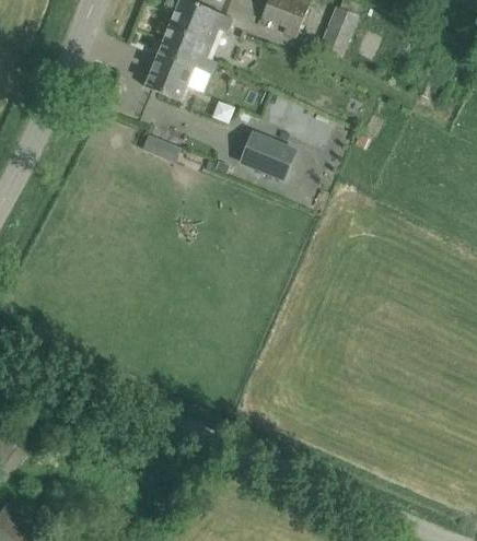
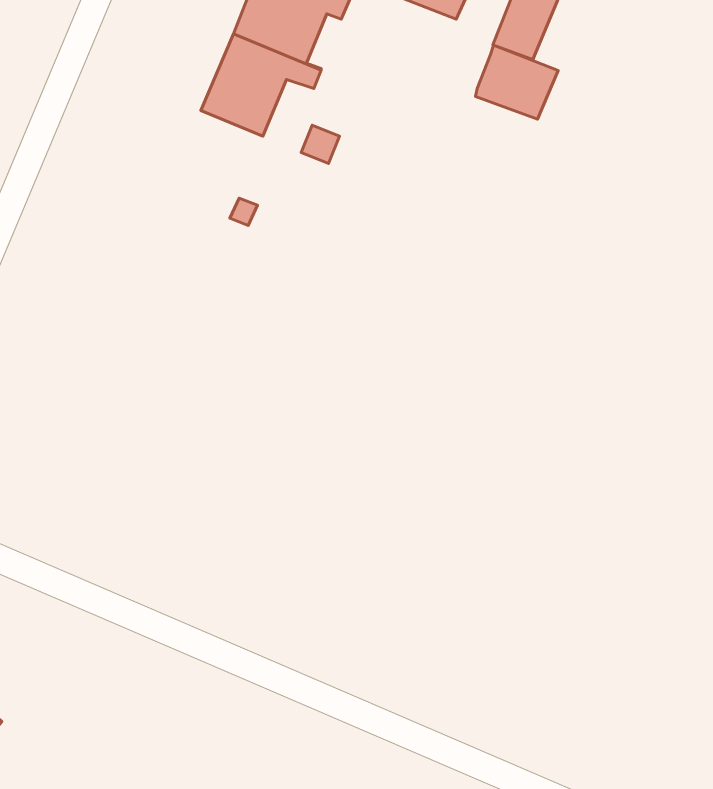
building: none -> [475,45,558,119]
building: [241,133,293,176] -> none

